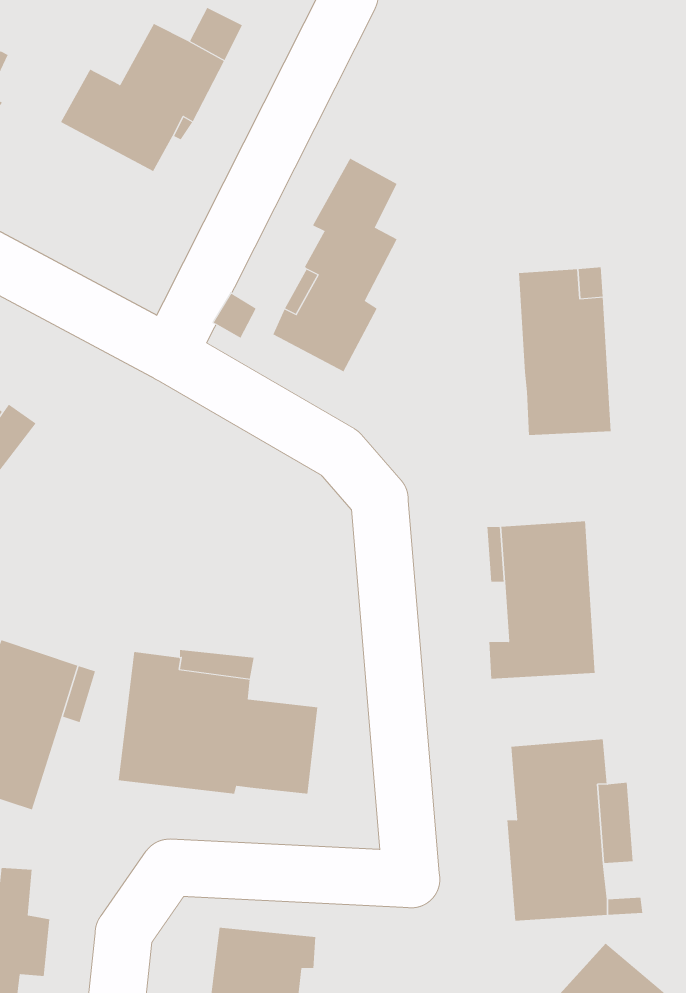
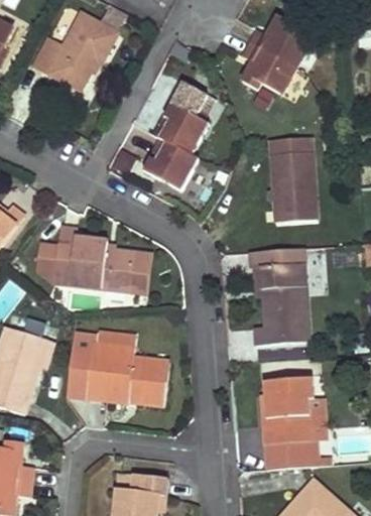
building: none -> [242,14,311,94]
building: none -> [36,226,152,292]

